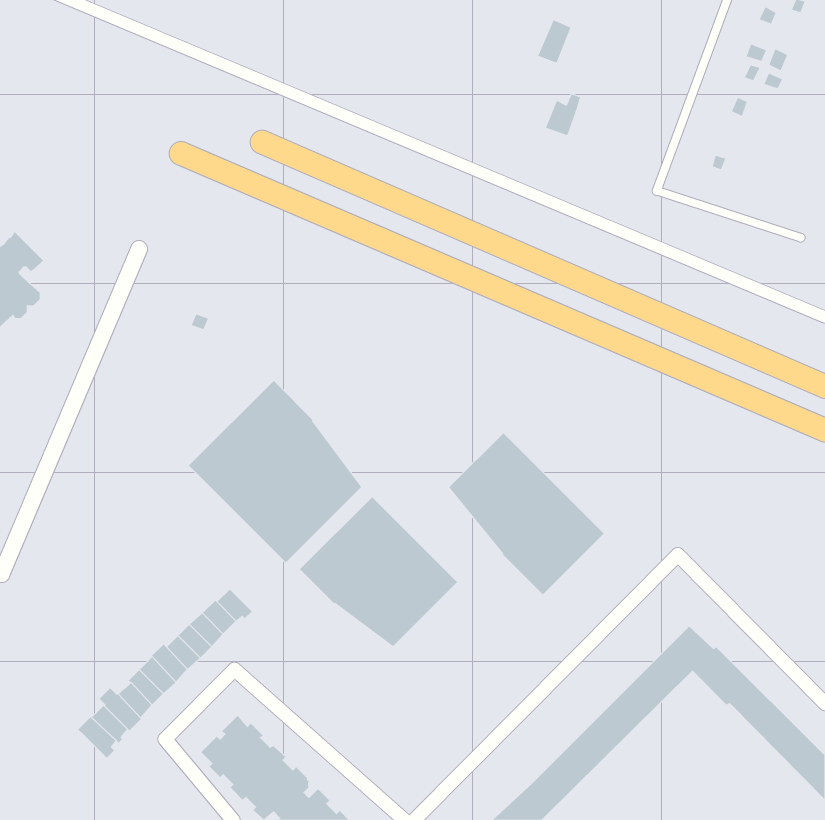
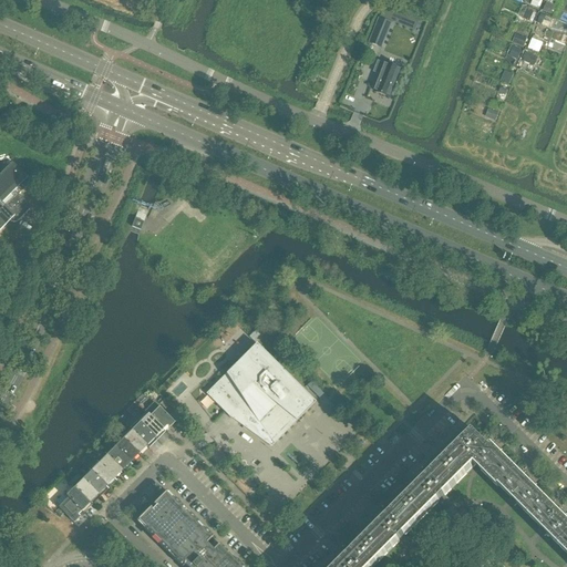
building: [188,380,362,563] -> none
building: [449,432,605,595] -> none

